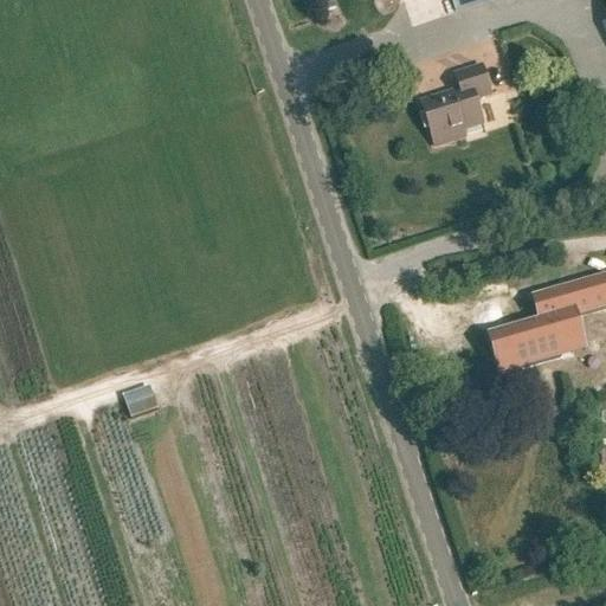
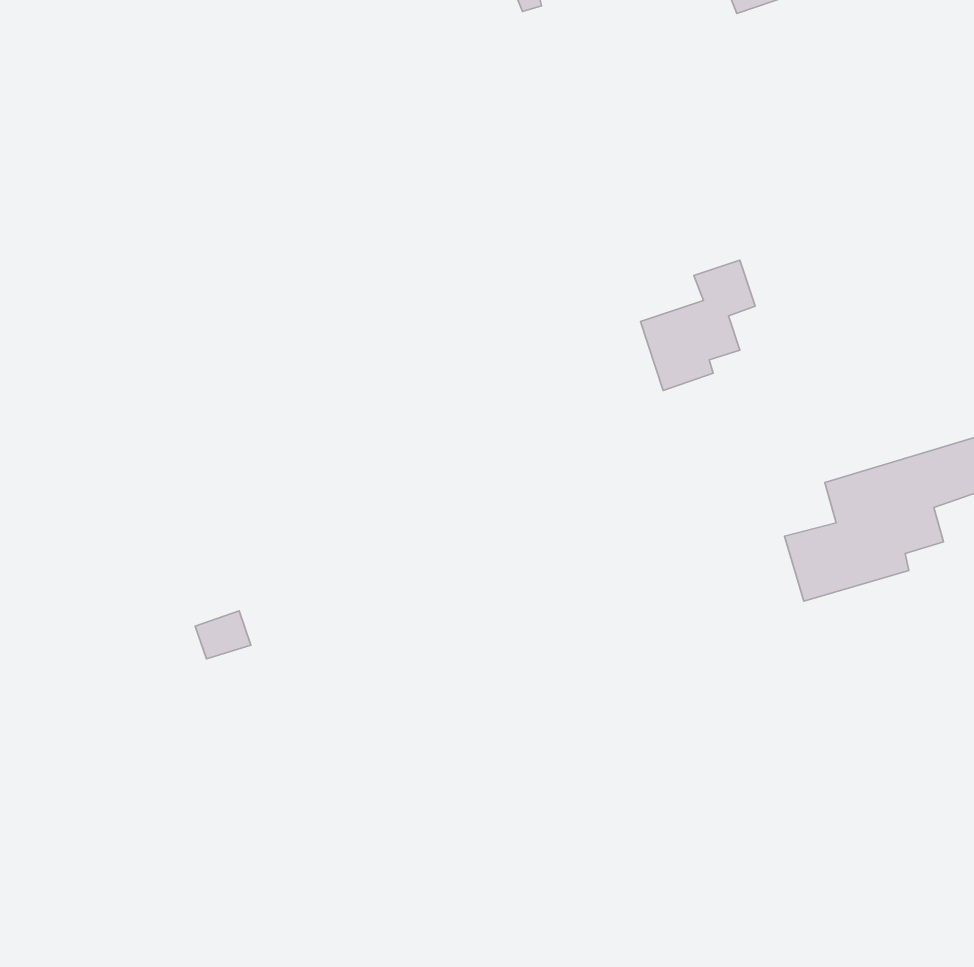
building: [423,63,494,143] -> [640,260,755,390]

